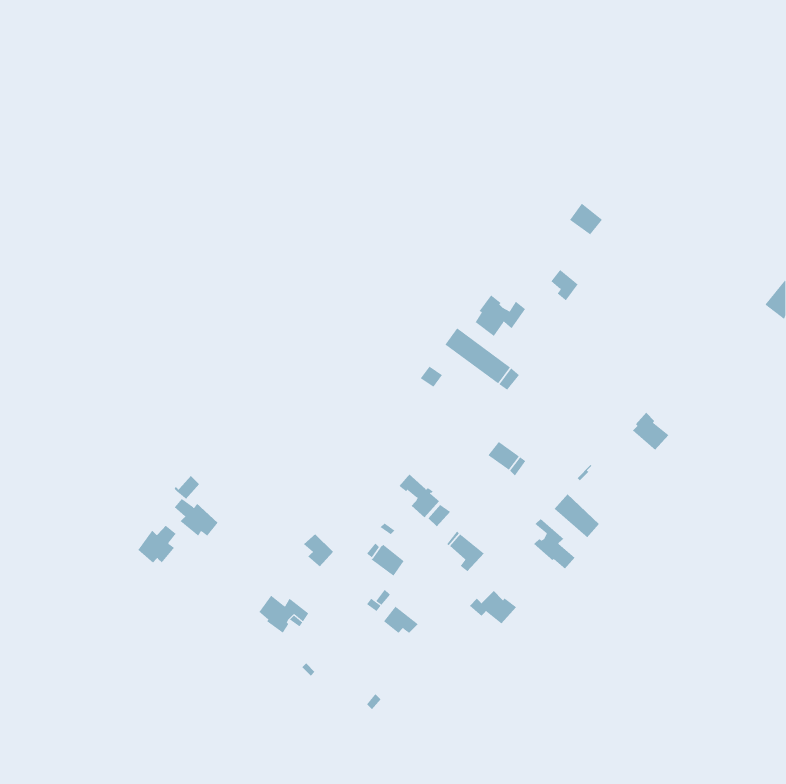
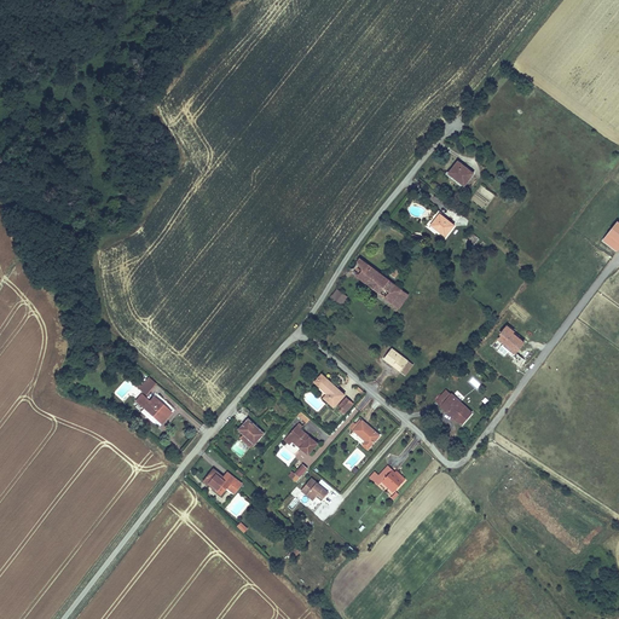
building: [475,295,526,337] -> none
building: [533,518,576,570] -> none
building: [138,525,176,564] -> none

